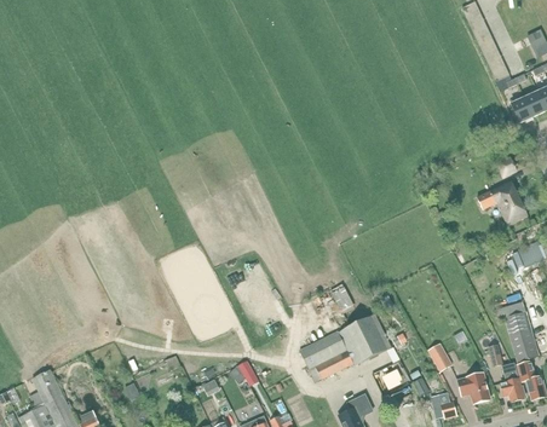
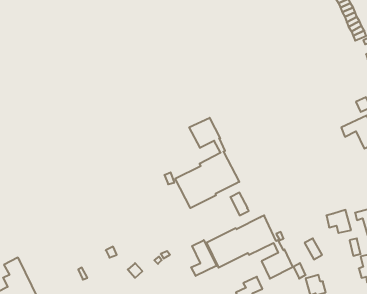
building: none -> [175,118,239,208]
building: none -> [191,240,217,276]
building: [457,371,490,402] -> [326,210,351,233]

